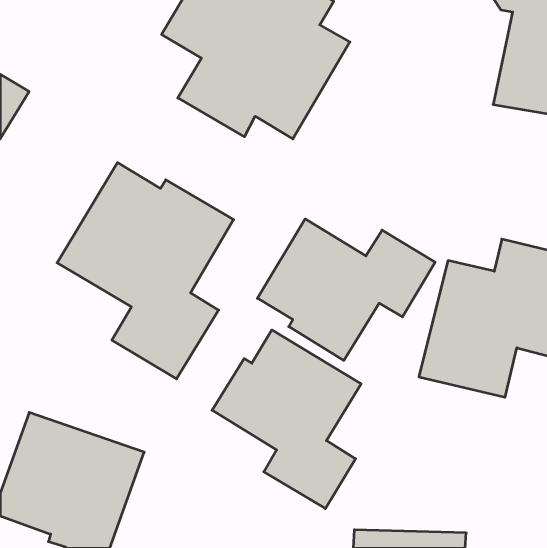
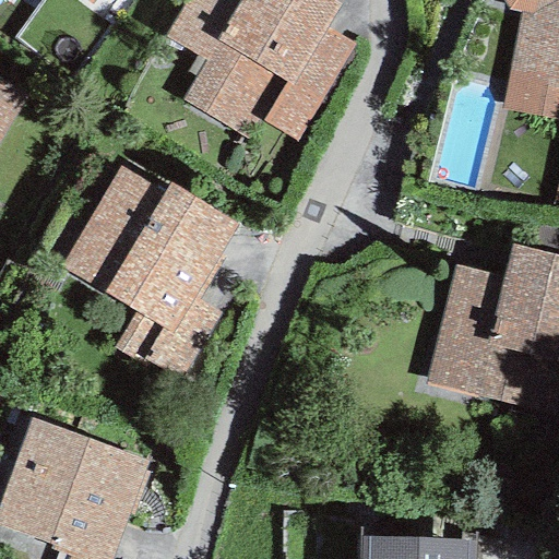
building: [257,219,435,360] -> none
building: [212,330,361,509] -> none

